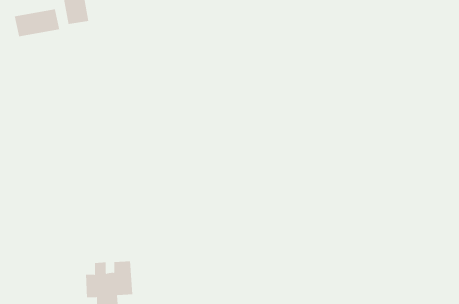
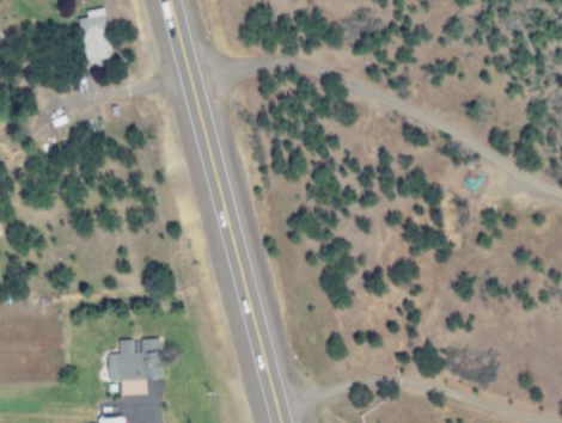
building: [14,8,60,37] -> none

